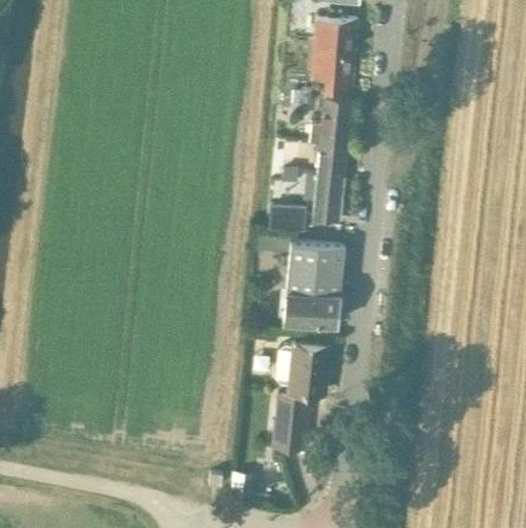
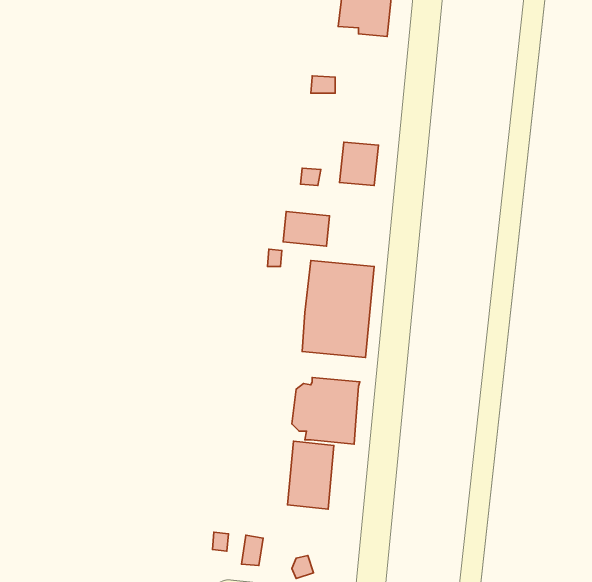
building: [311,51,354,94] -> none
building: [318,97,350,149] -> none
building: [311,180,343,223] -> none

